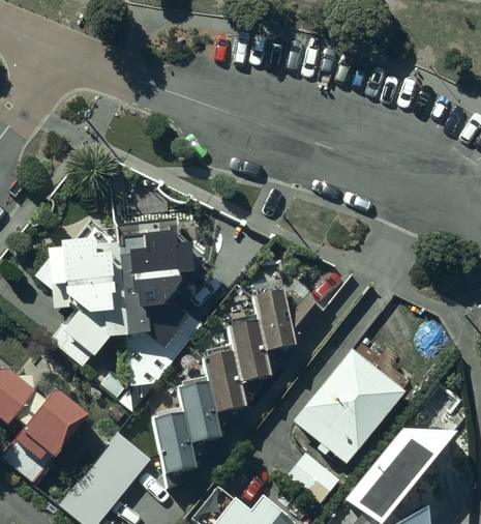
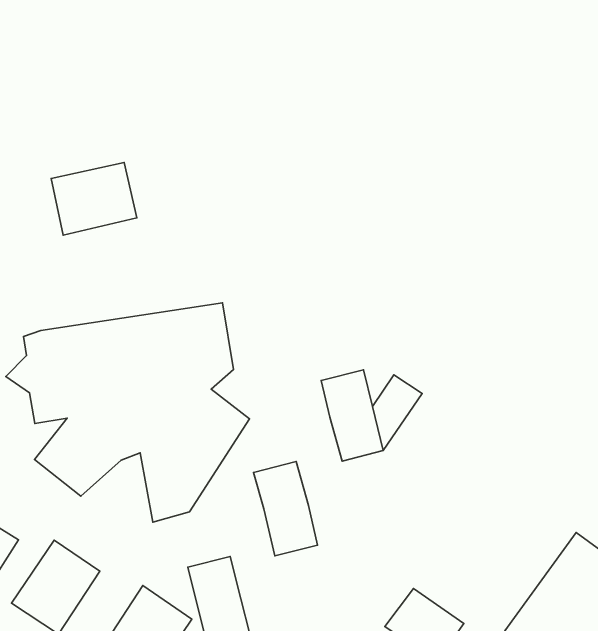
building: none -> [51,162,137,235]
building: [228,322,268,382] -> none
building: [294,349,402,461] -> none
building: [177,382,216,443] -> none

